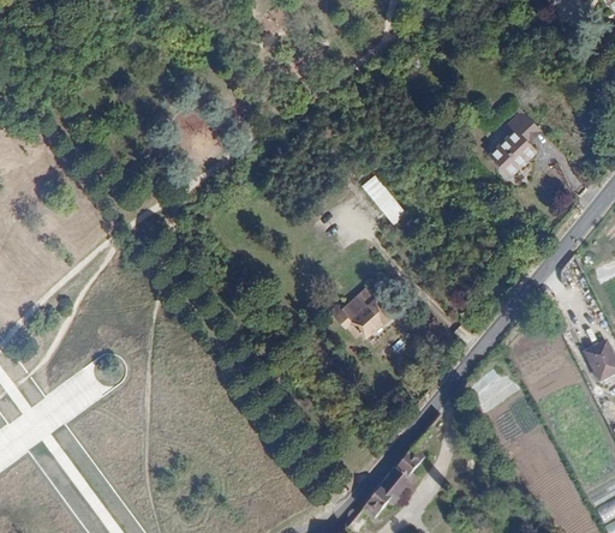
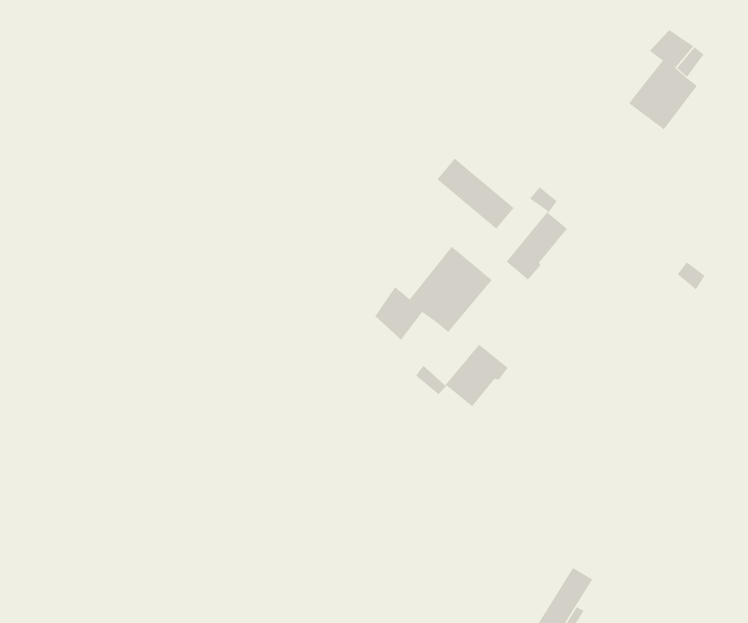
building: none -> [506,187,568,280]
building: none -> [375,246,493,340]

